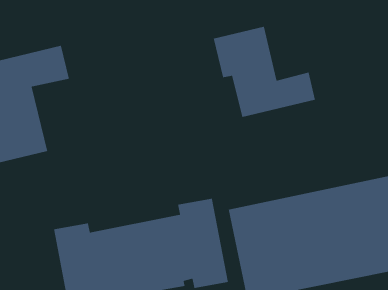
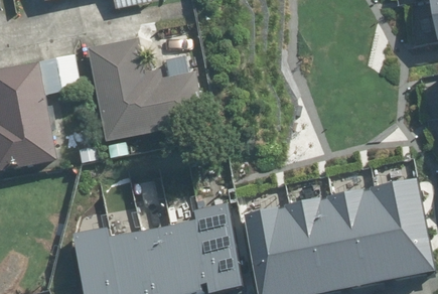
building: none -> [93,34,214,140]
building: [213,26,316,118] -> none

